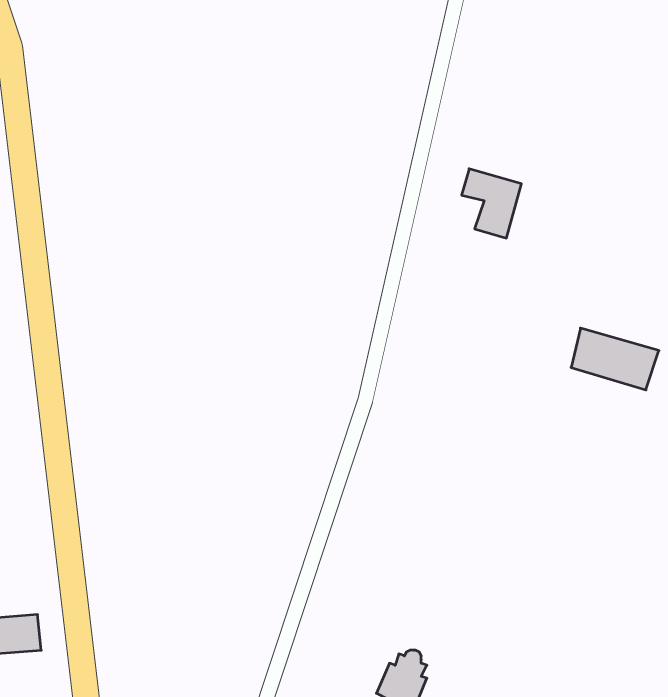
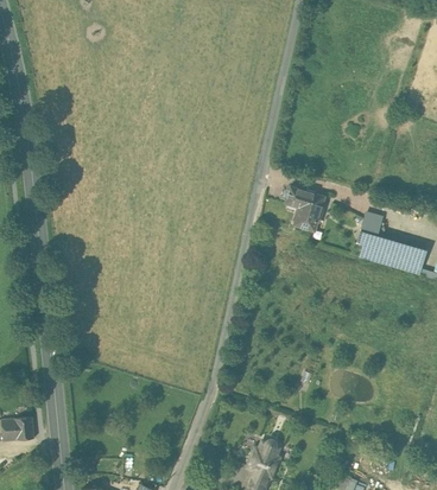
building: [462,169,521,238] -> [286,186,324,230]
building: none -> [361,214,381,260]

